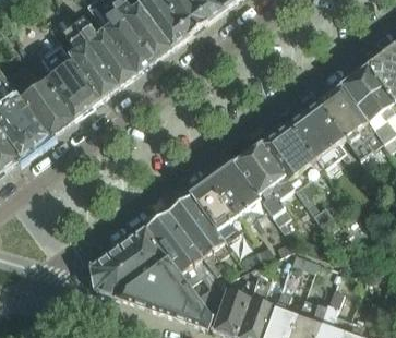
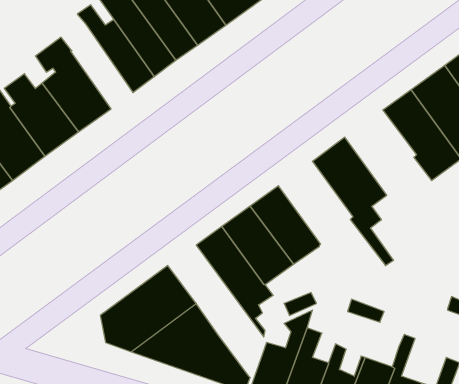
building: [62,23,118,99] -> none
building: [289,100,350,169] -> none
building: [236,142,296,224] -> none
building: [146,209,224,288] -> none

